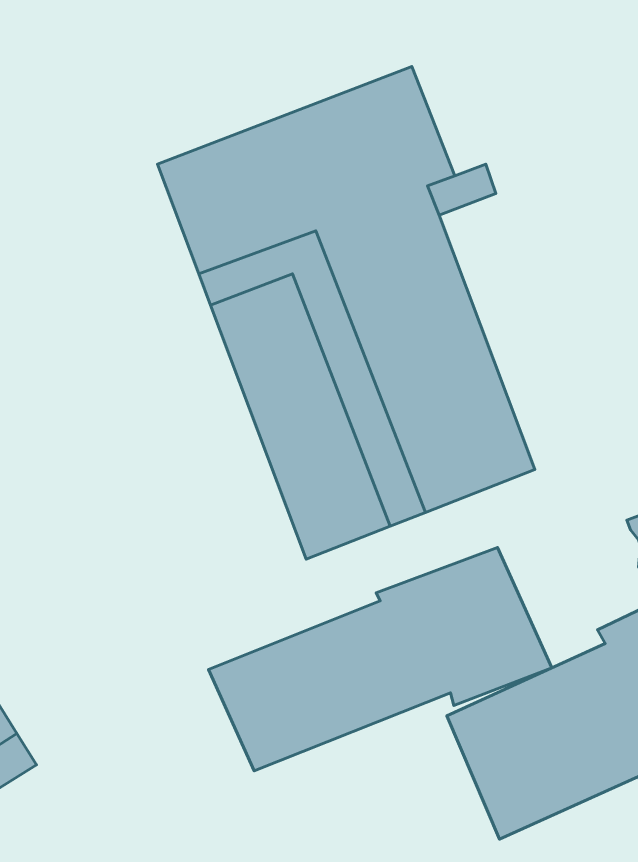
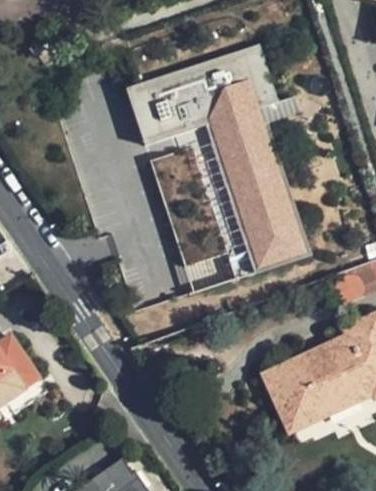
building: [209,547,552,771] -> none

